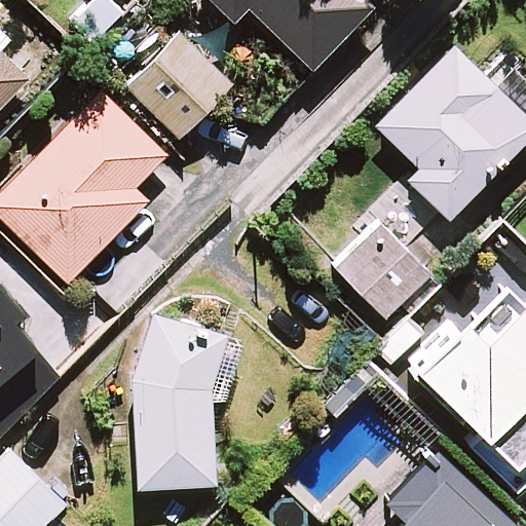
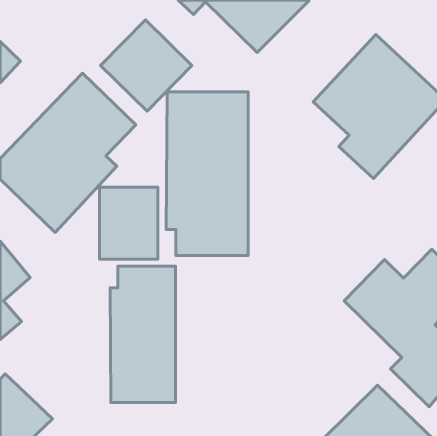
building: none -> [166,92,248,256]
building: [337,224,430,317] -> none
building: none -> [99,187,158,259]

